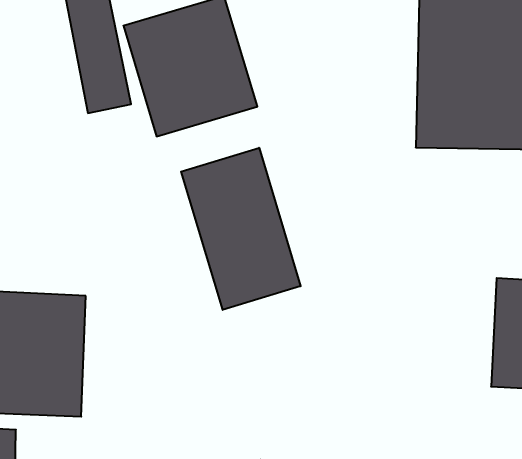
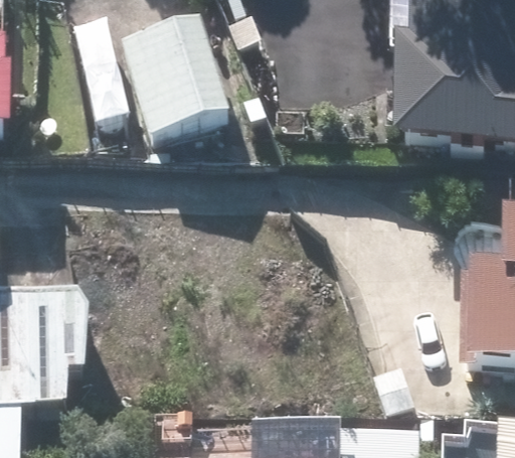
building: [181,148,301,310] -> none

